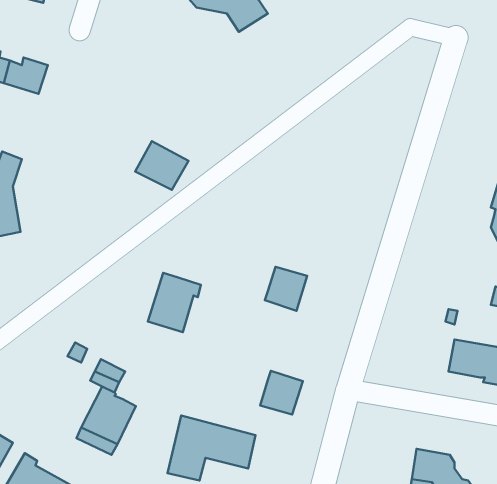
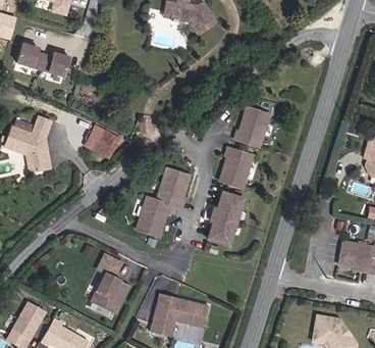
building: none -> [234,106,270,146]
building: [135,141,188,190] -> [85,125,120,157]
building: none -> [220,147,253,187]
building: none -> [157,167,190,208]
building: [260,371,303,415] -> [208,214,236,244]

